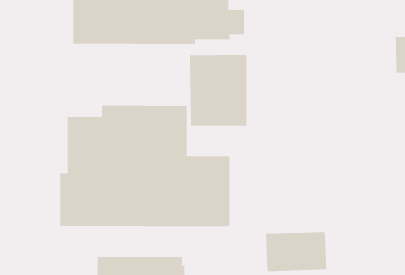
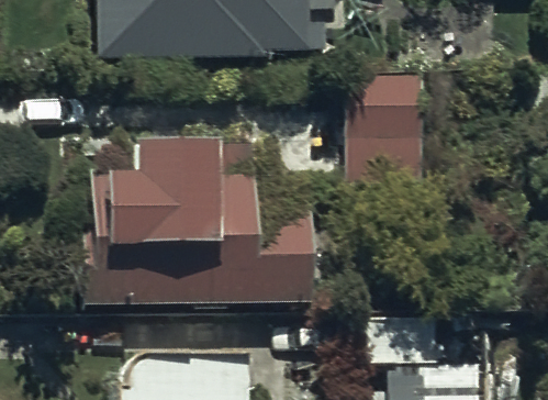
building: [189,54,247,126] -> [348,70,426,167]

